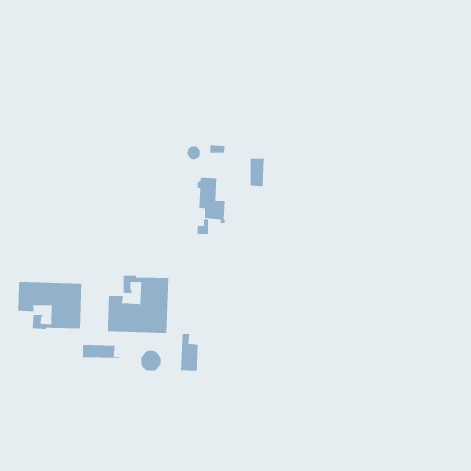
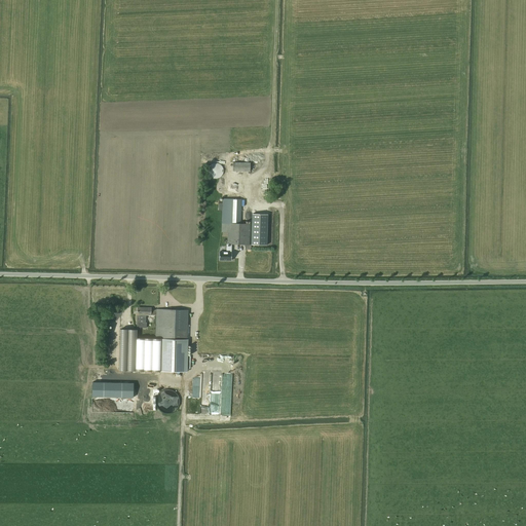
building: [250,158,264,187] -> [255,213,271,245]
building: [18,281,82,330] -> none

